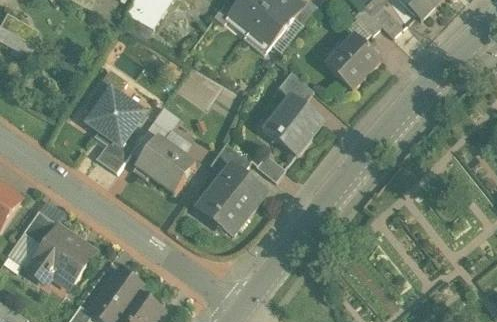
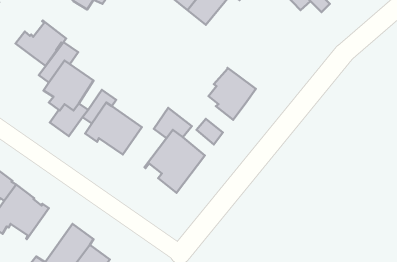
building: [325,36,380,88] -> none
building: none -> [15,20,66,66]
building: [277,70,313,105] -> none

